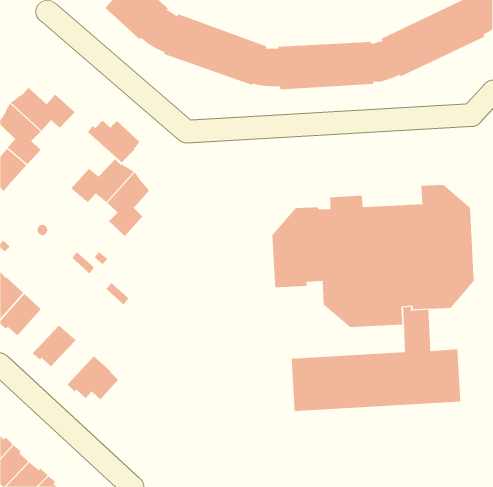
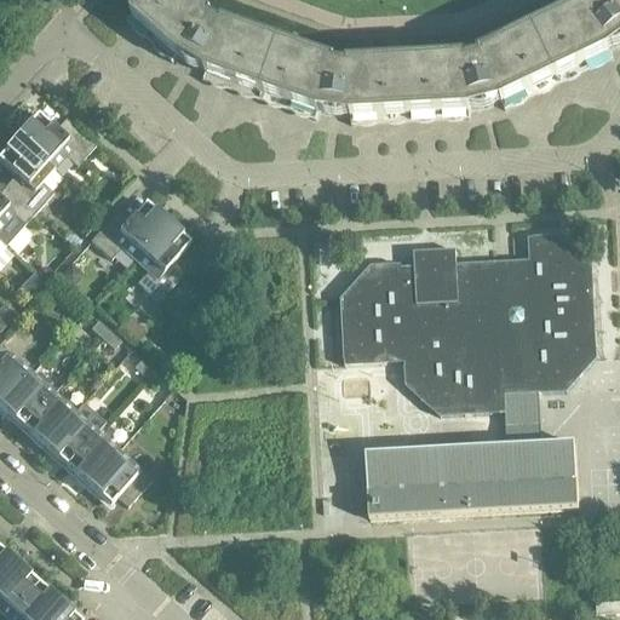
building: [87,120,140,163] -> none
building: none -> [22,388,74,443]
building: none -> [64,426,117,482]

